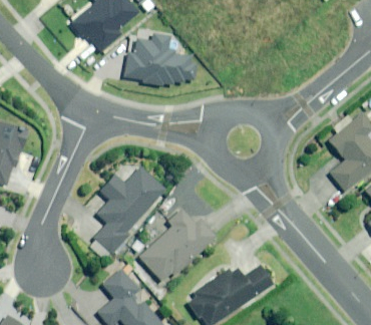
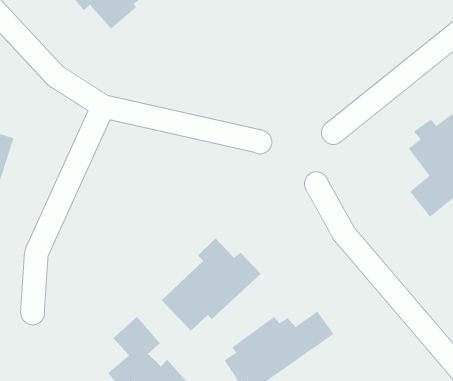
building: [126,33,200,85] -> none
building: [90,165,165,261] -> none

